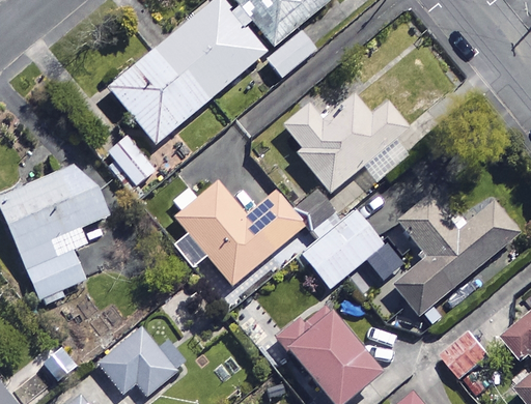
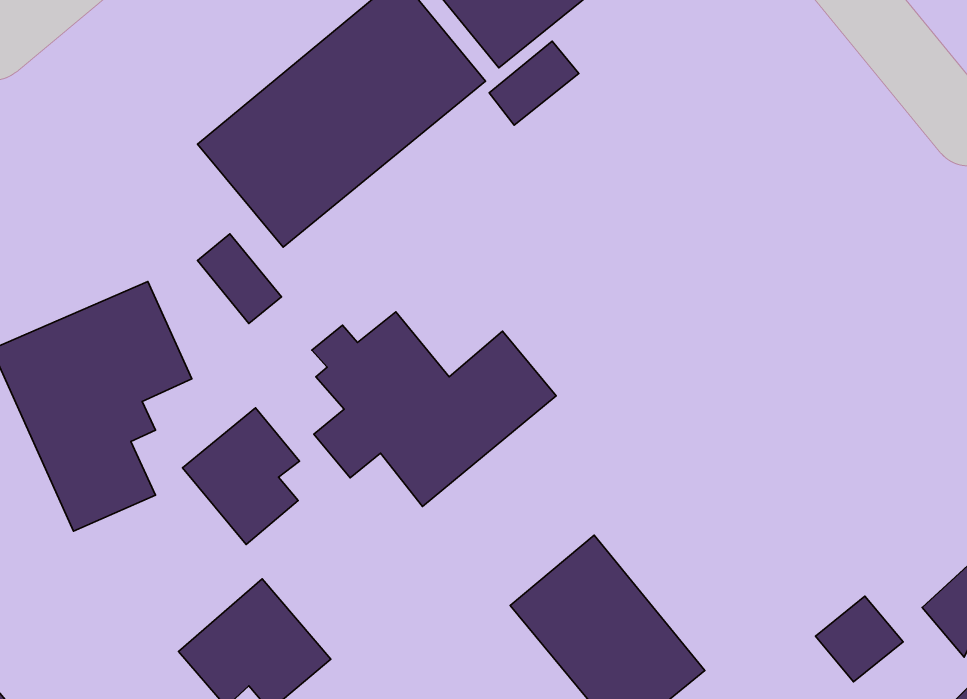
building: [282,85,414,196] -> none
building: [393,198,519,316] -> none
building: [299,207,381,287] -> none
building: none -> [183,408,300,545]

